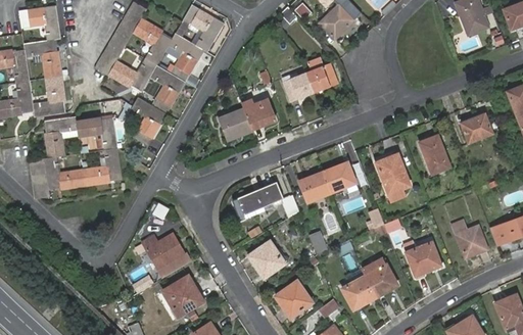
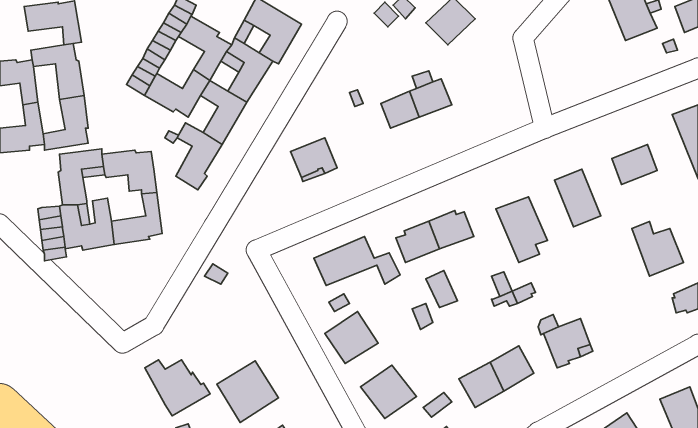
building: [243,101,277,131] -> none
building: [449,219,488,259] -> [632,222,684,276]
building: [143,235,192,277] -> [145,360,210,416]

